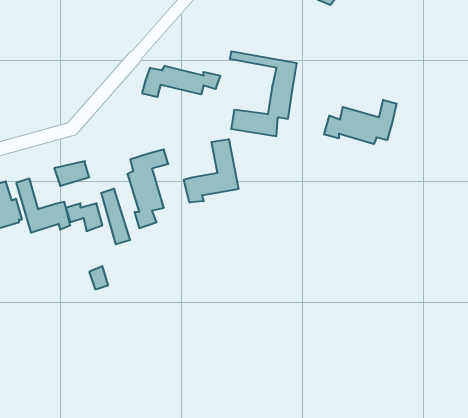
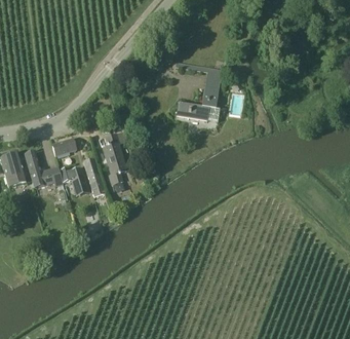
building: [142,66,220,97] -> none
building: [324,100,397,144] -> none
building: [184,139,238,203] -> none

